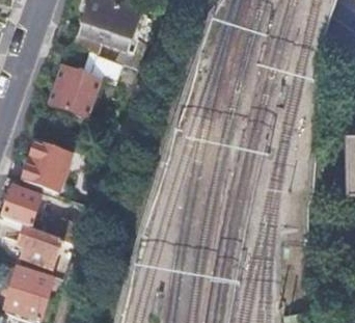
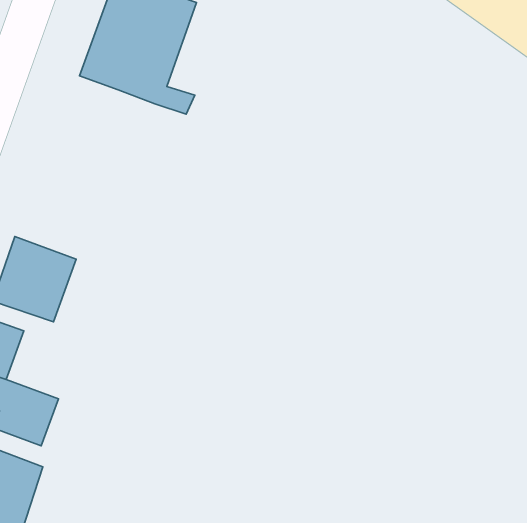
building: [49,55,118,118] -> none

